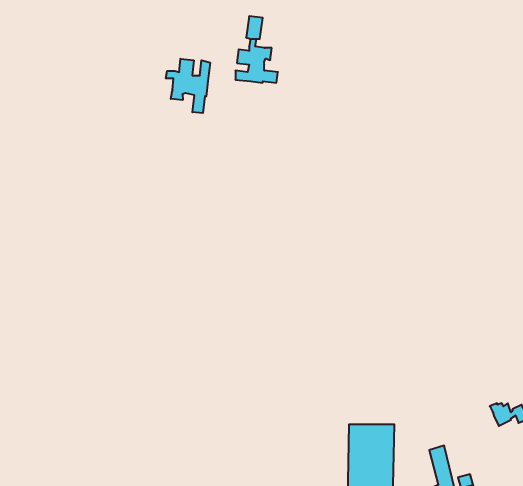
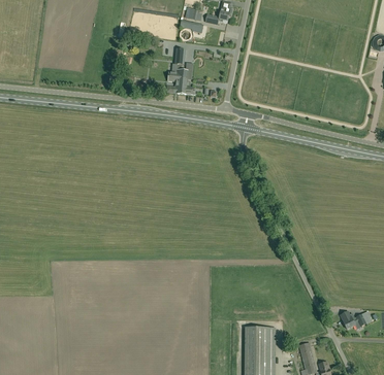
building: [166,59,210,113] -> none

